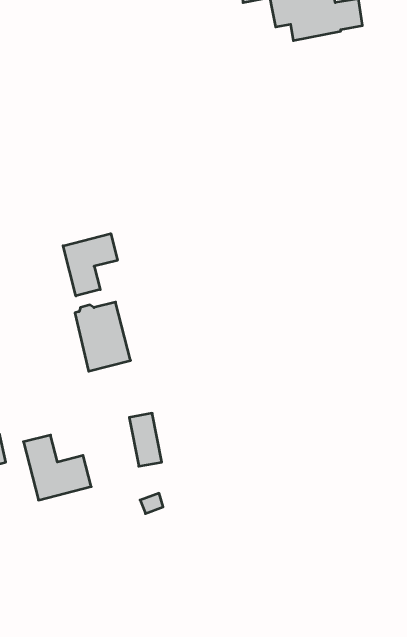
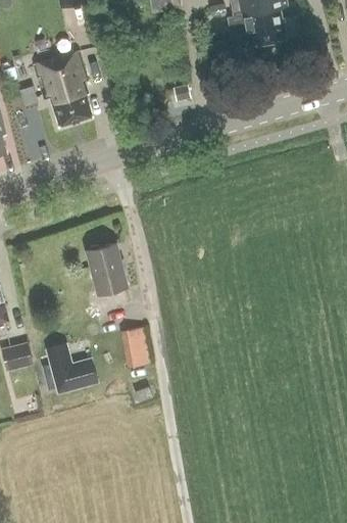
building: none -> [33,51,93,128]
building: [63,234,117,296] -> none

